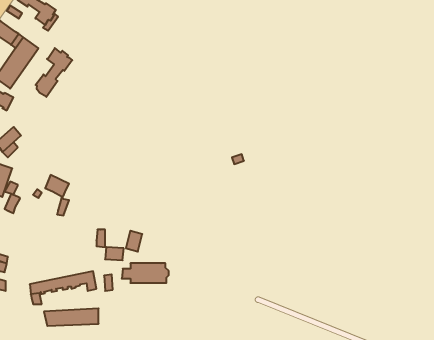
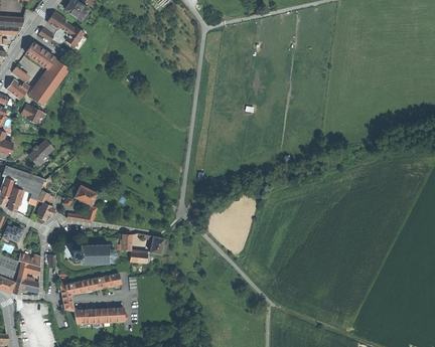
building: [36,48,72,97] -> none
building: [122,263,169,283] -> [72,244,116,263]

